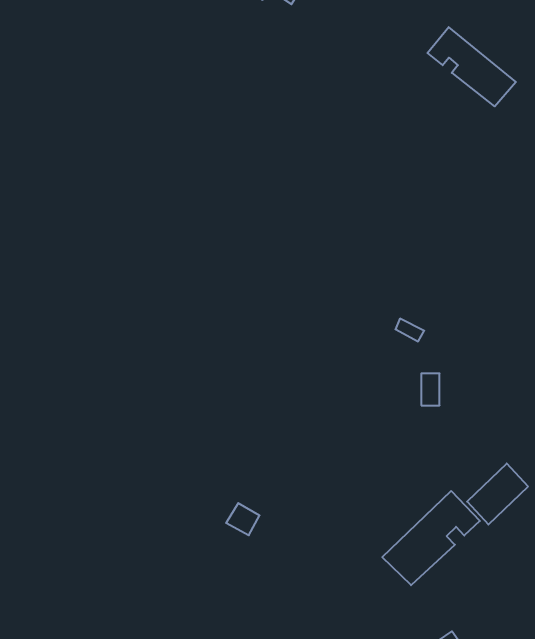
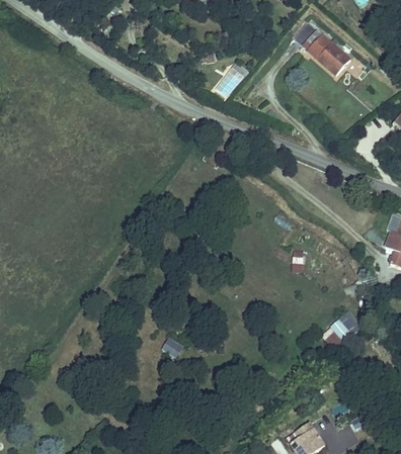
building: [382,491,480,585] -> none

